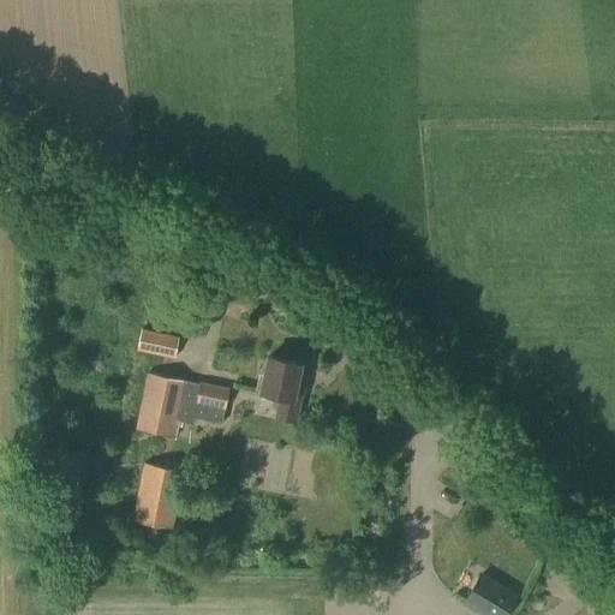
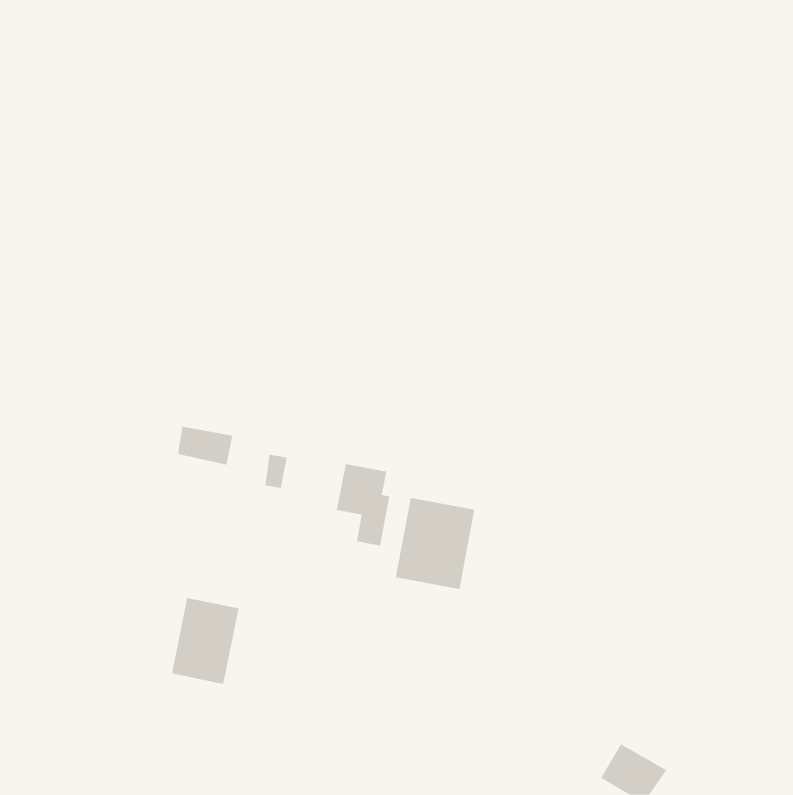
building: [137,372,229,440] -> none
building: none -> [395,497,475,590]

